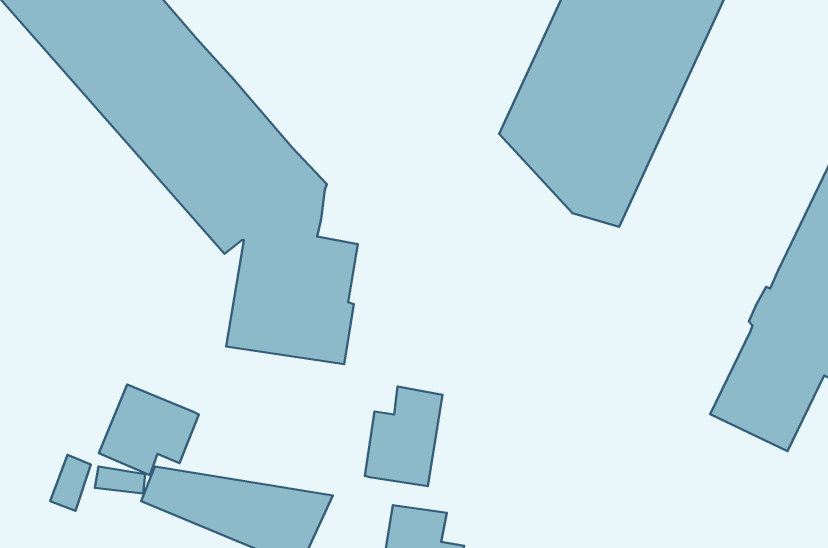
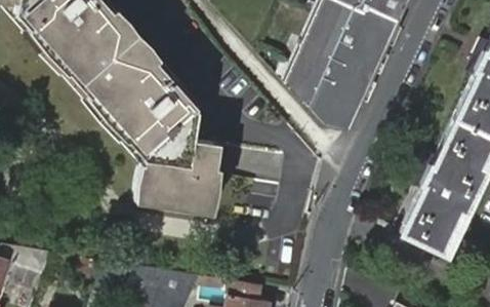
building: [99,385,199,475] -> none
building: [365,387,443,486] -> none

